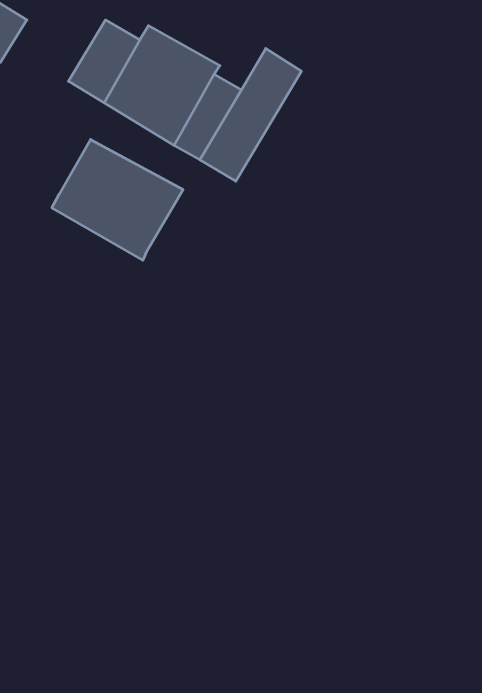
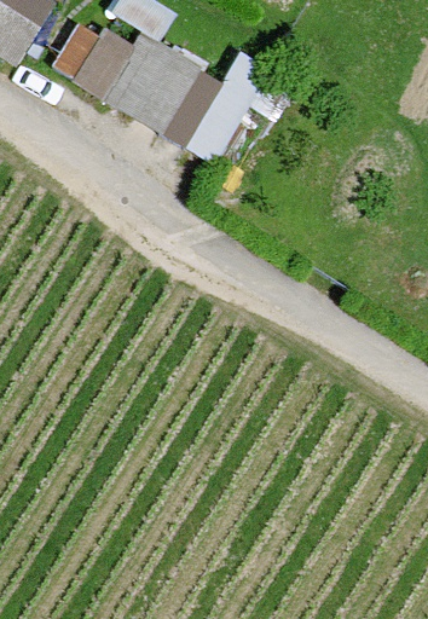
building: [52,139,183,260] -> none

